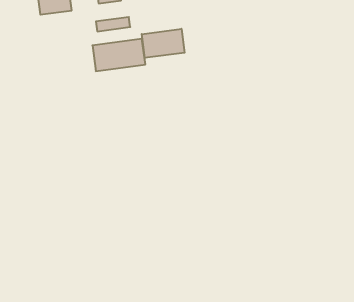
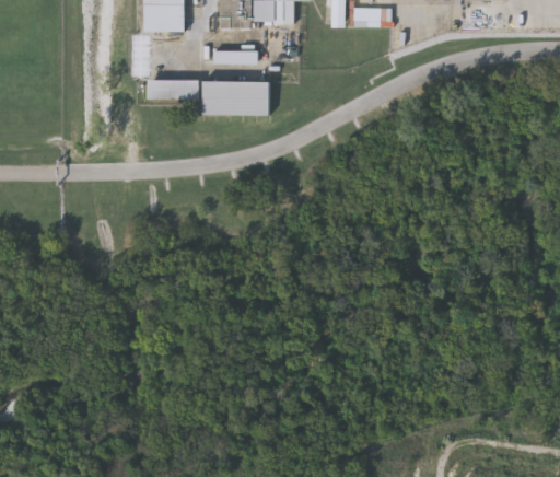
building: [142,29,185,58] -> none
building: none -> [149,79,200,100]

